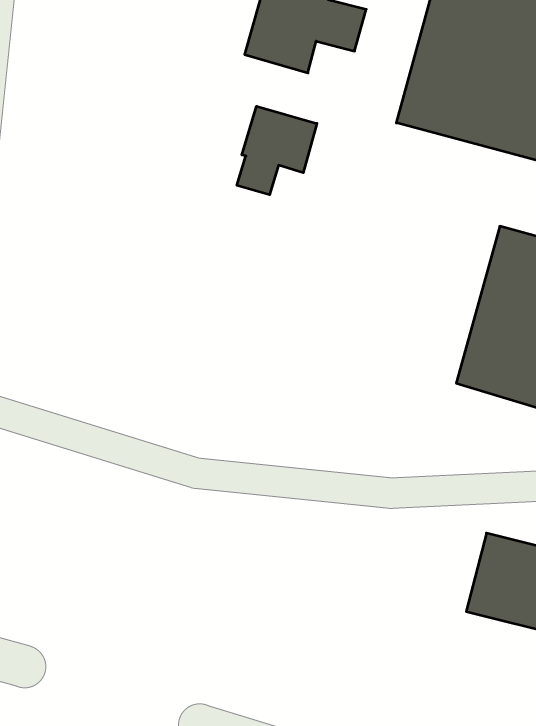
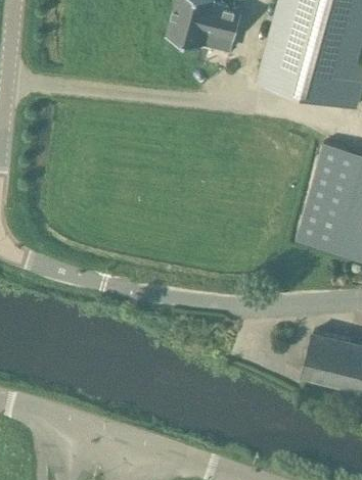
building: [237,106,317,195] -> none

